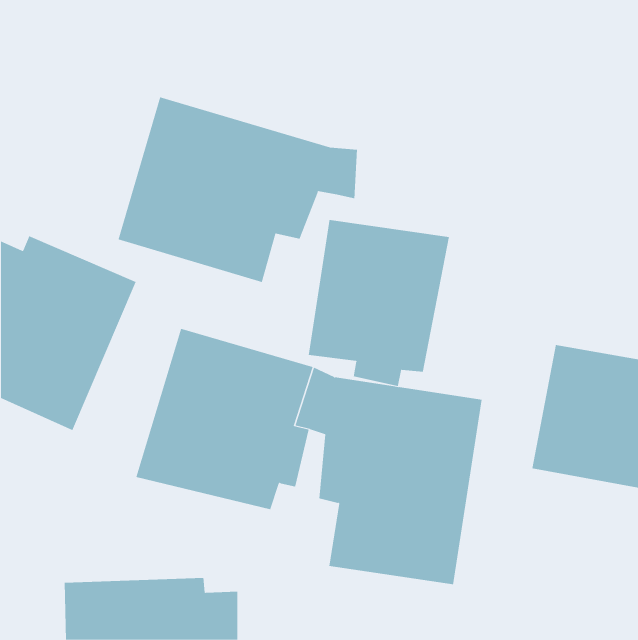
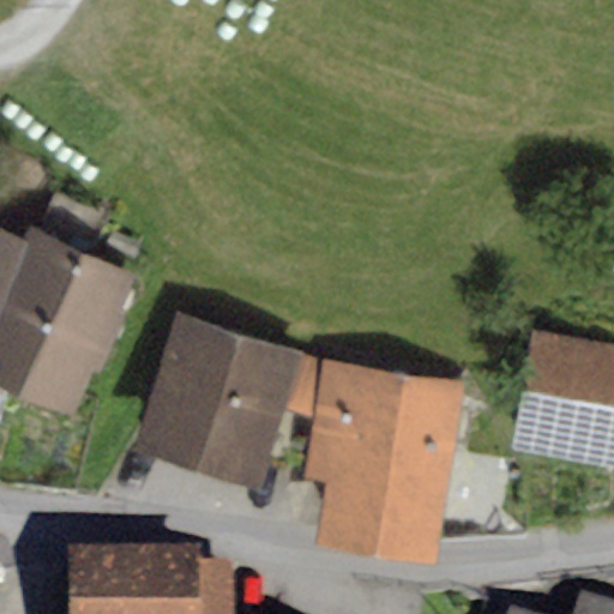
building: [118,97,357,283] -> none
building: [308,219,450,387] -> none

